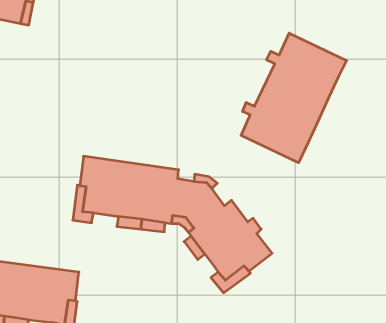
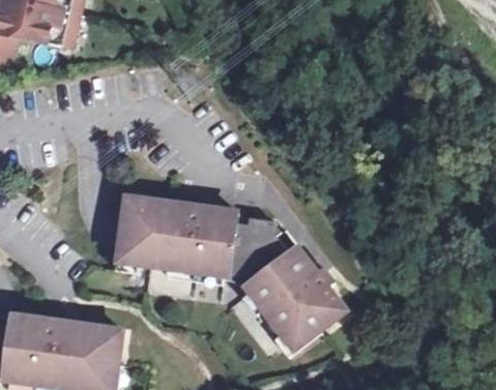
building: [241,33,347,163] -> none

